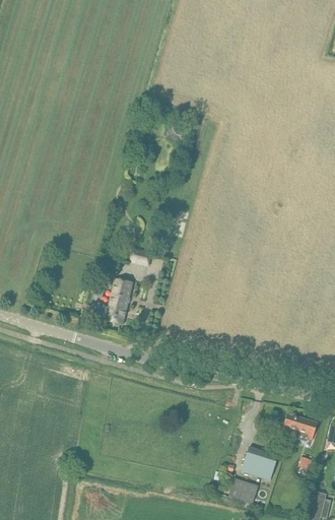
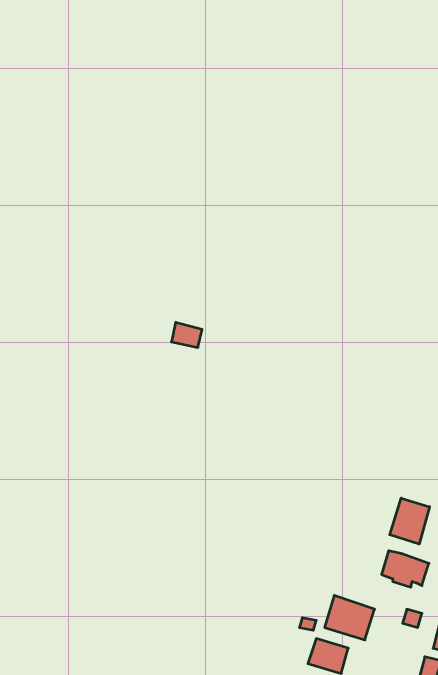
building: [92,278,133,324] -> none
building: none -> [390,498,430,544]

